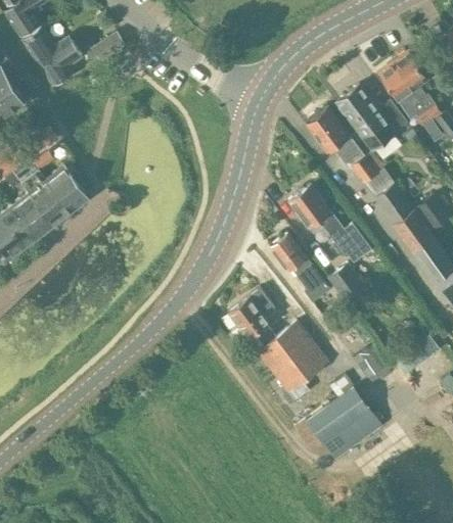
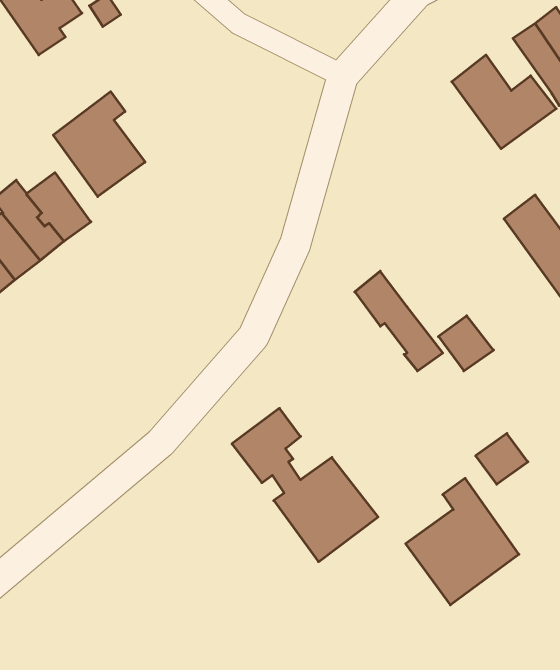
building: [306,108,361,159] -> none
building: none -> [53,92,145,197]
building: [351,152,383,184] -> none
building: [288,186,371,264] -> none
building: [228,289,328,394] -> [232,408,378,562]

